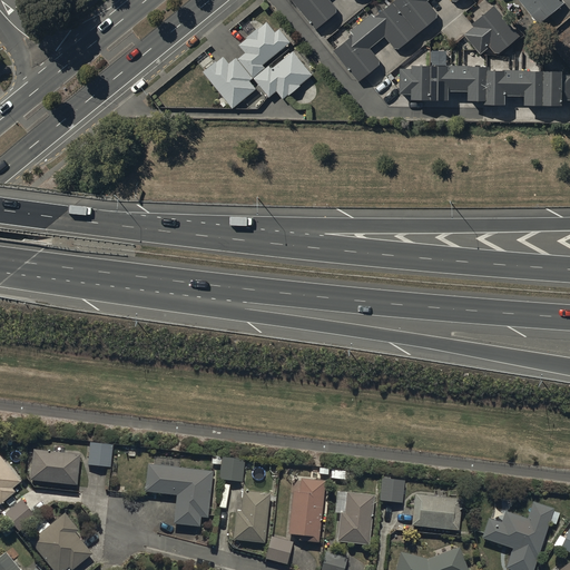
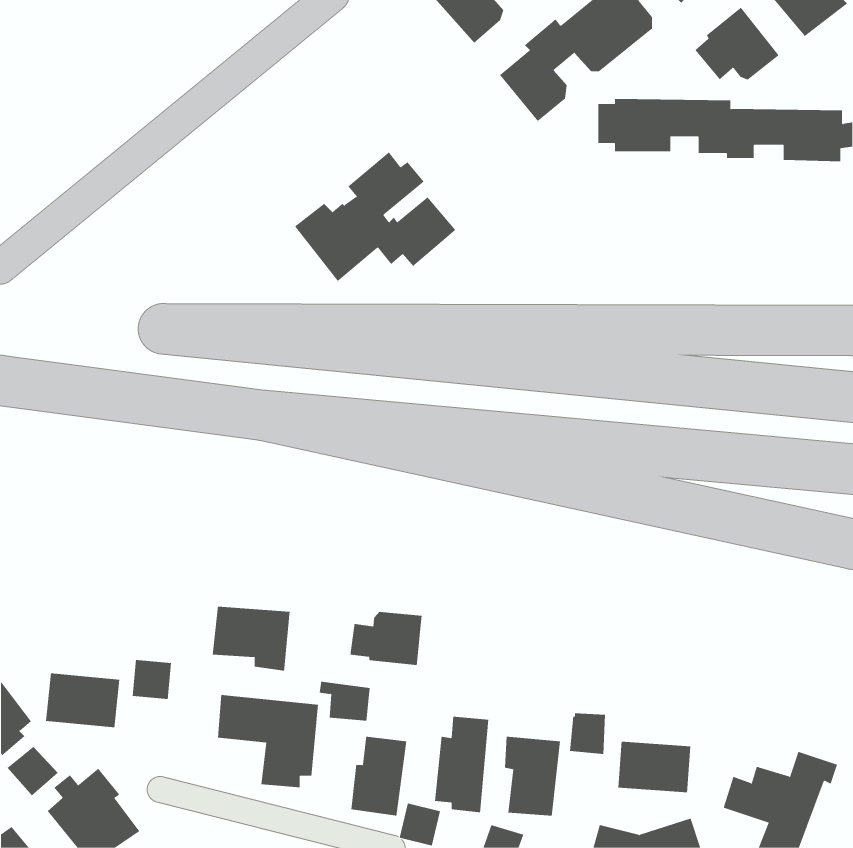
building: [204,21,312,108] -> [294,151,456,282]
building: none -> [212,606,290,671]
building: none -> [350,611,422,666]

